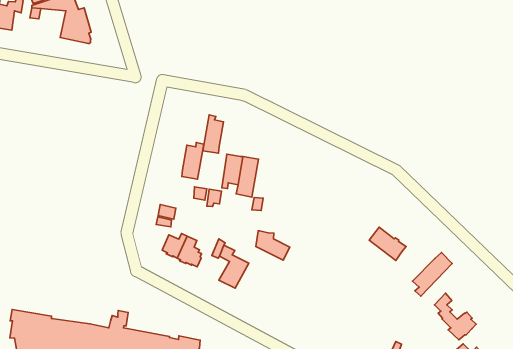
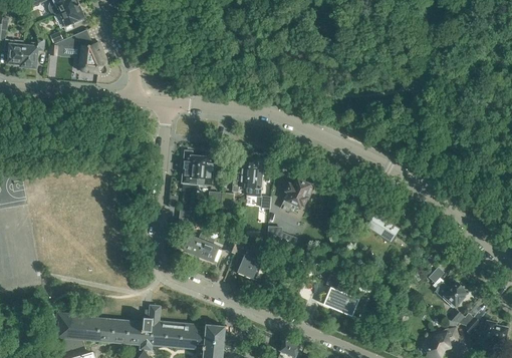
building: [203,115,223,153] -> [183,150,199,184]
building: none -> [280,178,310,211]
building: [413,253,452,296] -> none
building: none -> [325,274,366,314]

